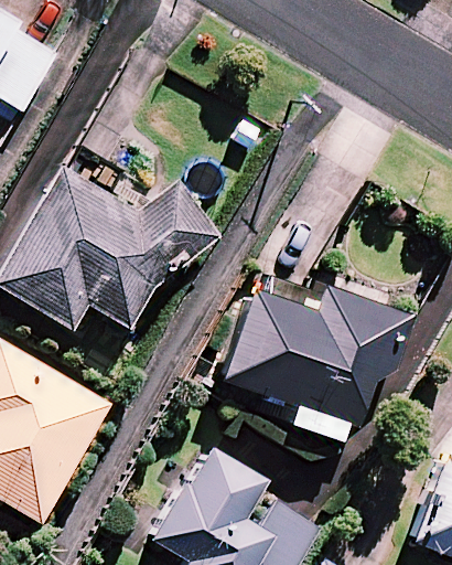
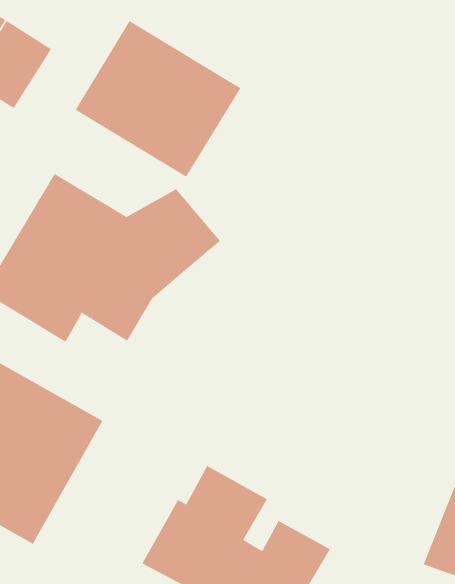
building: none -> [75,20,241,178]
building: [220,280,413,427] -> none

